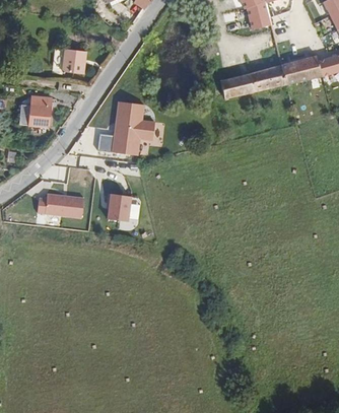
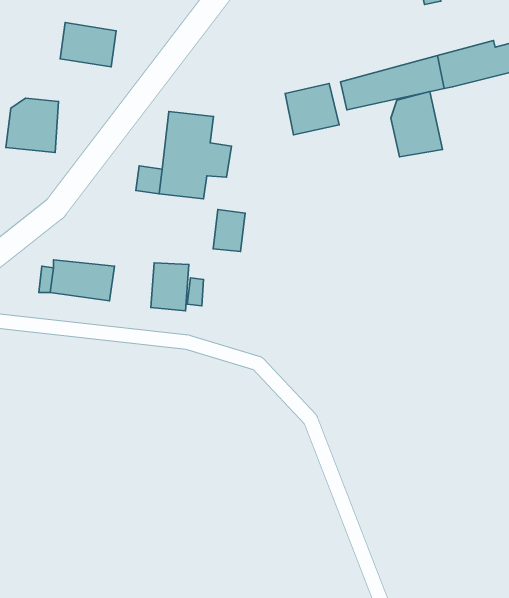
building: none -> [285,84,339,135]
building: none -> [391,92,443,157]
building: none -> [213,209,245,252]

